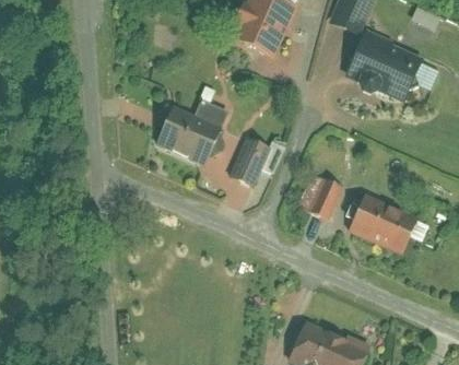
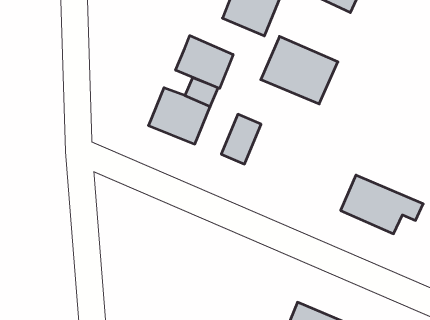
building: [344,33,421,99] -> [261,36,338,104]
building: none -> [176,36,233,88]
building: [297,170,343,219] -> none

